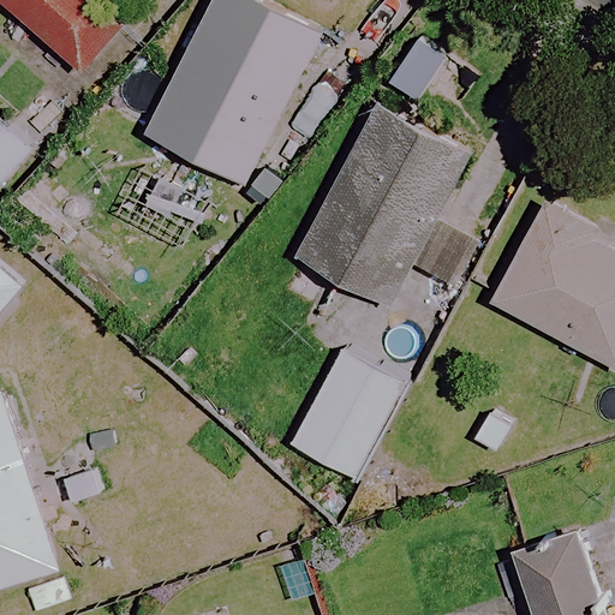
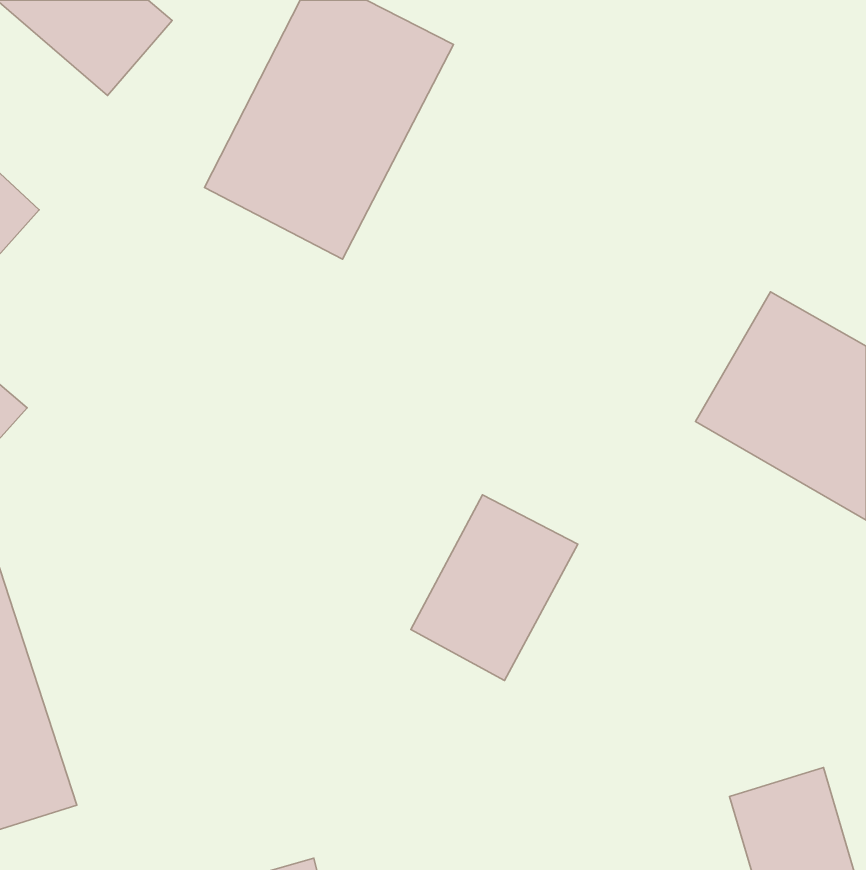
building: [297,105,478,305] -> none

